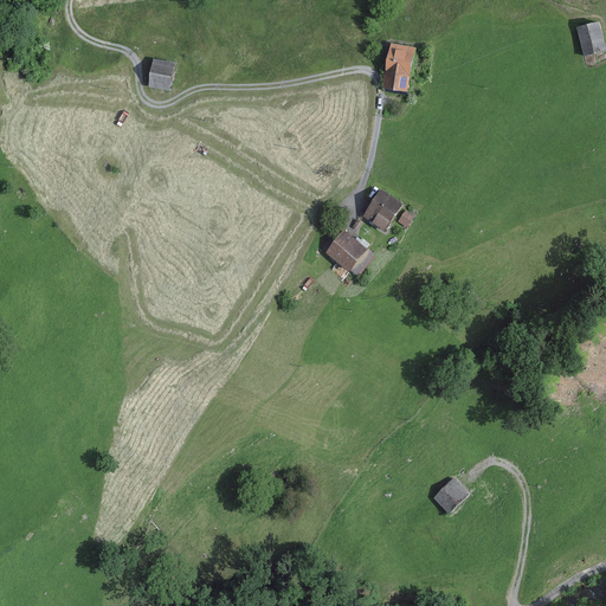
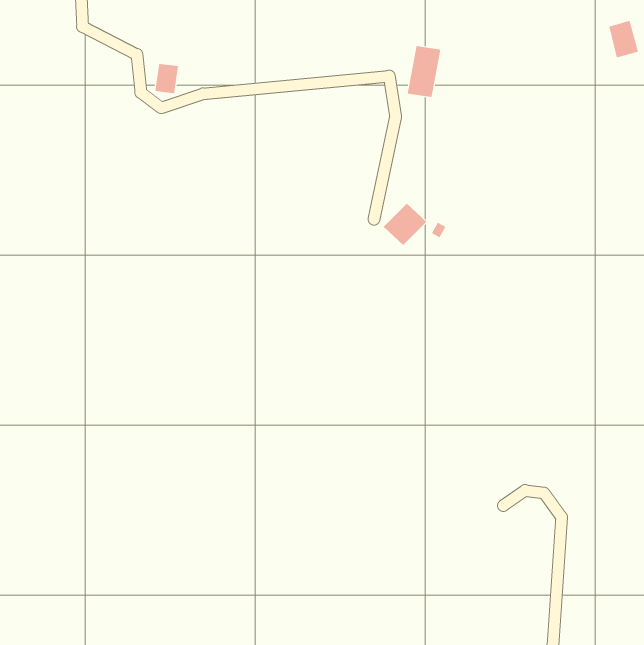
building: [324,231,366,272] -> none
building: [434,479,468,512] -> none

